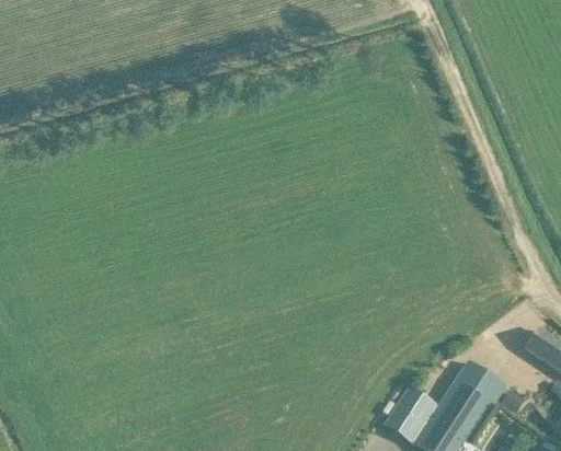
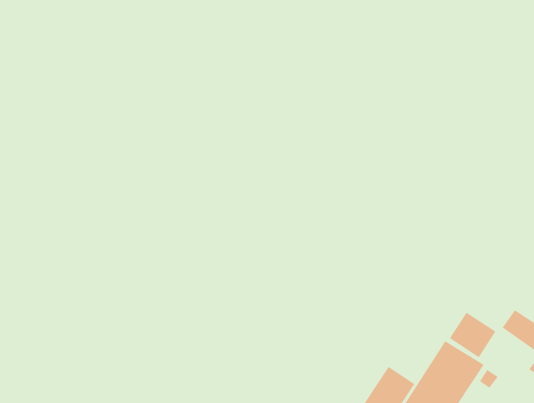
building: none -> [449,312,496,358]

